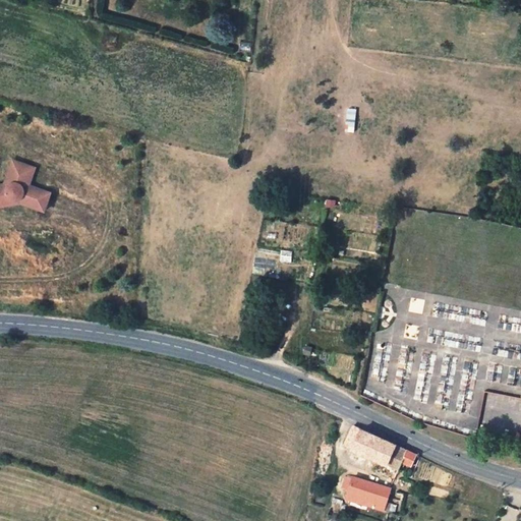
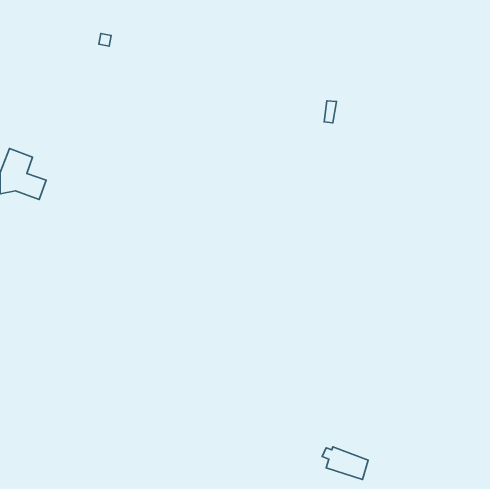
building: [345,426,417,479] -> none

